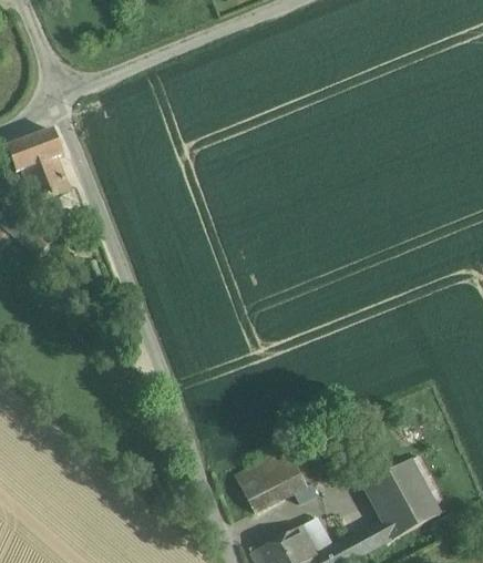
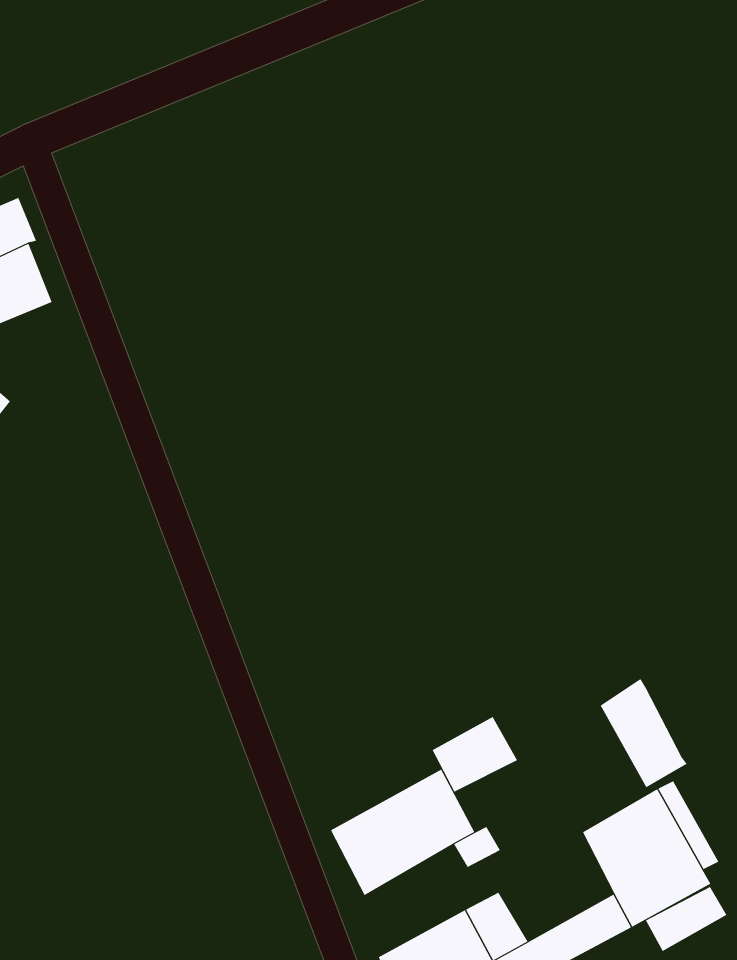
building: none -> [600,678,688,788]
building: none -> [432,716,518,793]
building: none -> [645,886,727,952]

